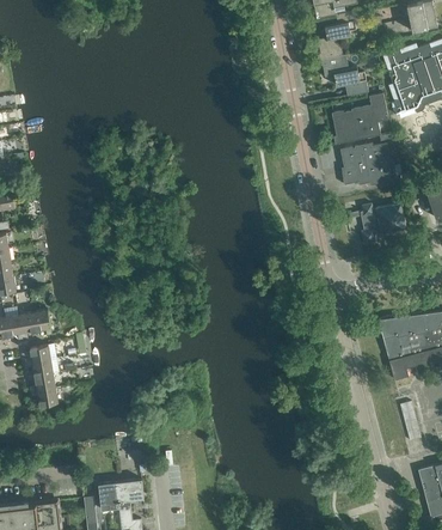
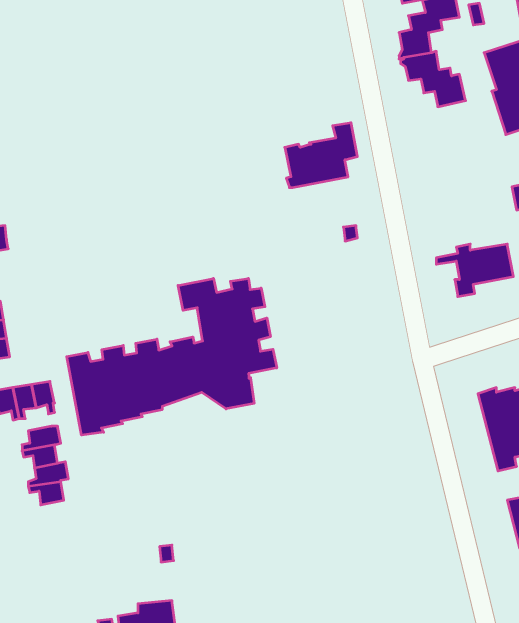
building: [331,93,387,144] -> [285,123,357,188]
building: [339,142,397,187] -> none
building: none -> [67,278,277,435]

